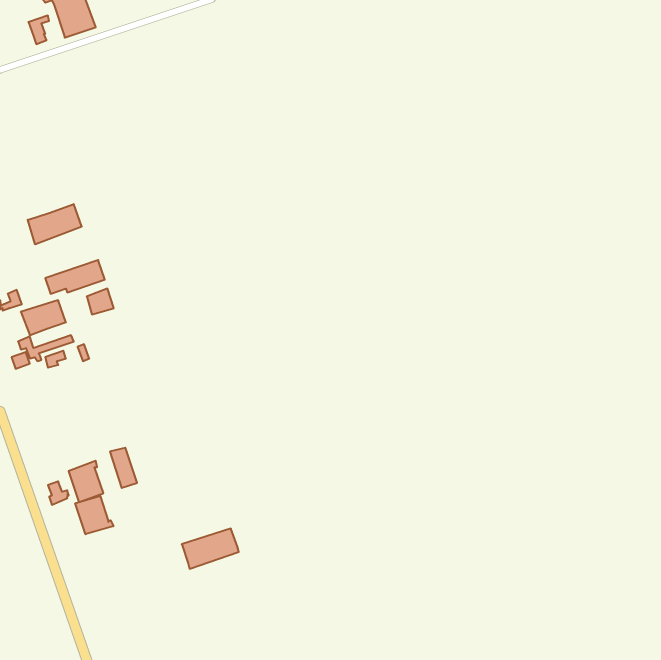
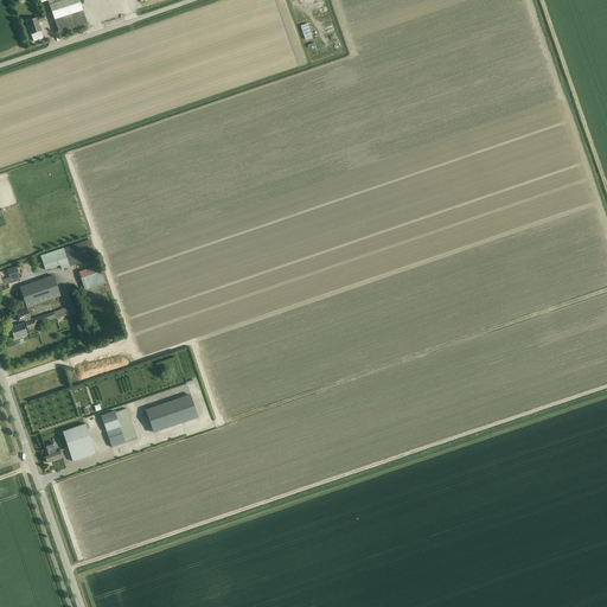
building: [28,204,82,244] -> none
building: [75,496,113,534] -> none
building: [182,529,239,569] -> [146,395,198,432]

